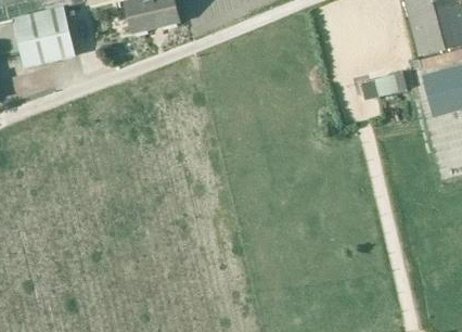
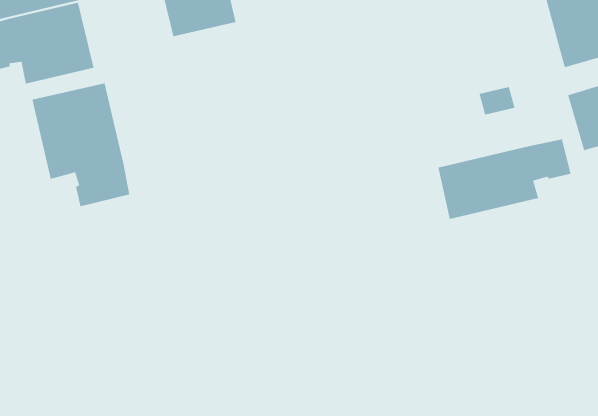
building: none -> [31,83,130,207]
building: none -> [437,138,572,220]

